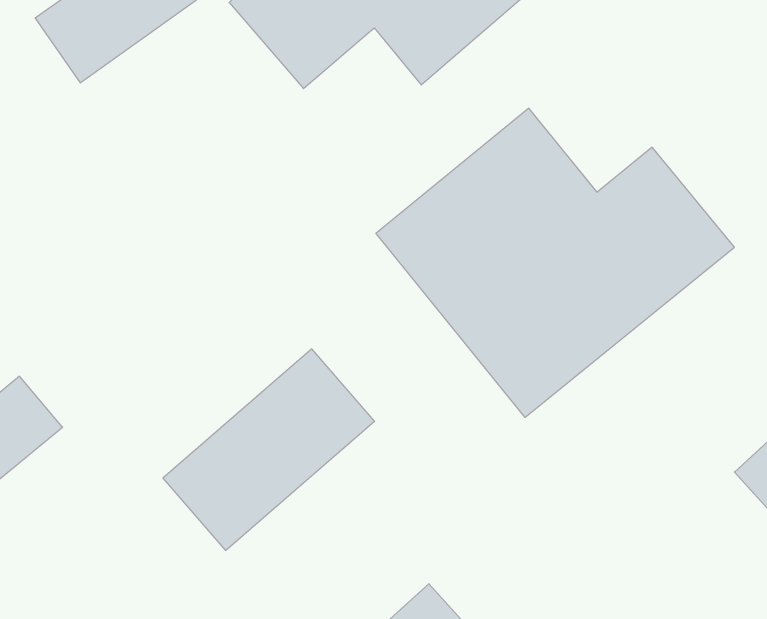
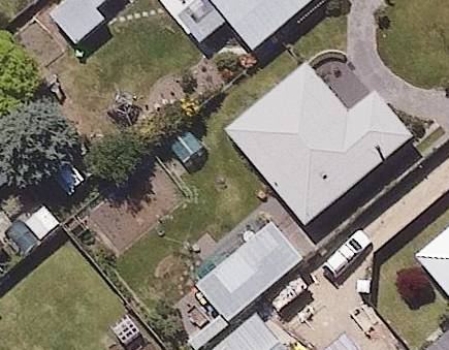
building: [163,349,375,550] -> [195,218,307,324]

